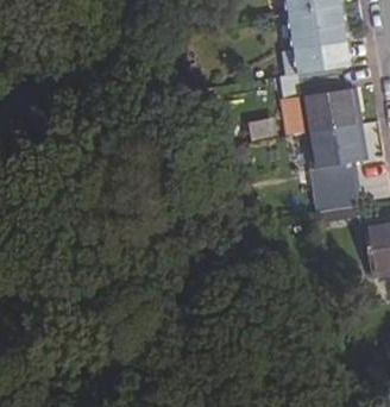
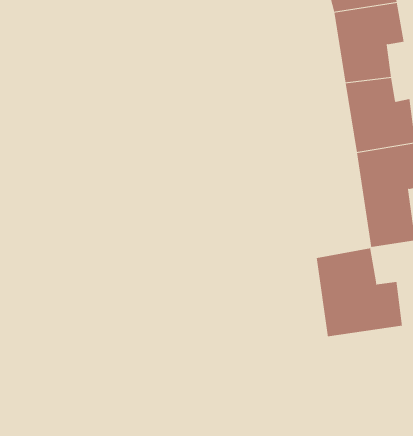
building: none -> [316,248,402,337]

